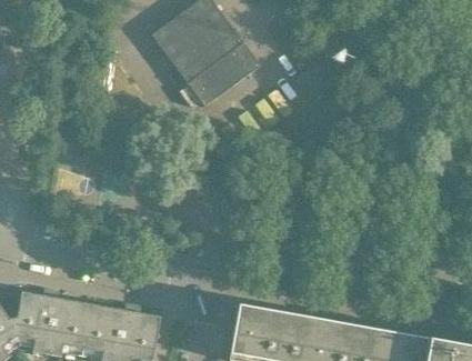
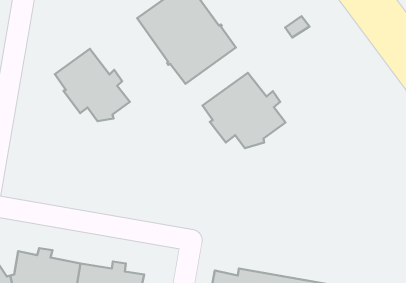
building: none -> [55,49,130,121]
building: none -> [203,73,286,148]

